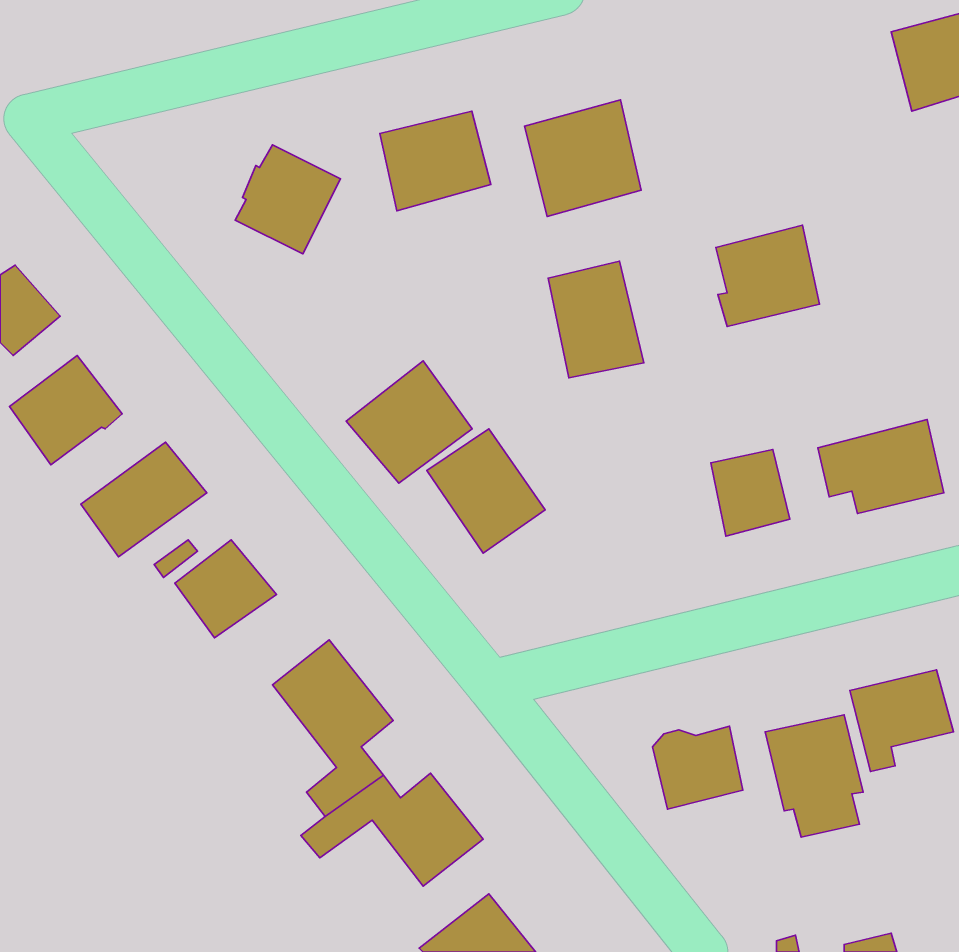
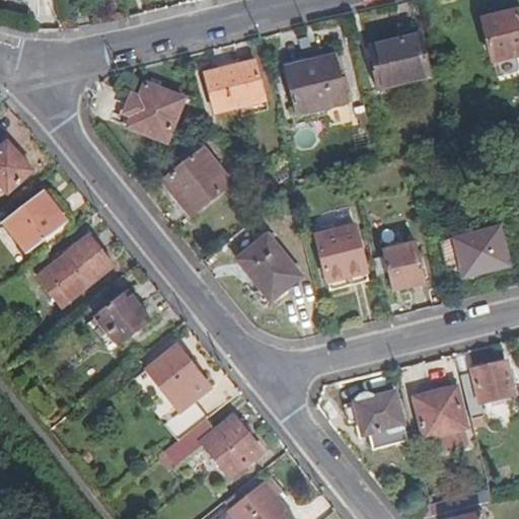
building: [716,225,819,327] -> [372,32,428,87]
building: [548,261,644,378] -> [317,223,369,286]
building: [346,361,472,483] -> [159,143,227,209]

